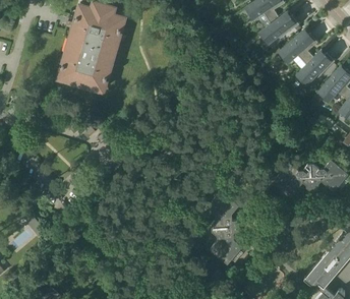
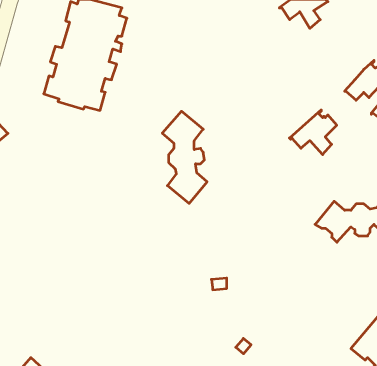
building: [260,12,299,42] -> none
building: [280,31,317,66] -> [289,110,337,155]
building: [207,191,242,264] -> [162,111,207,203]

